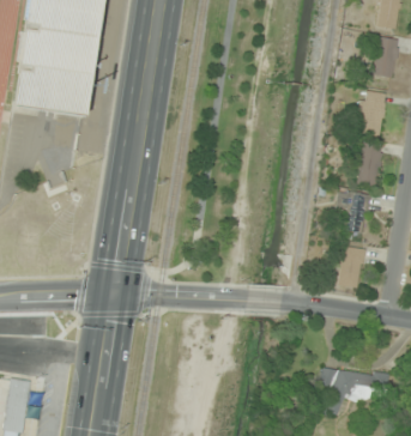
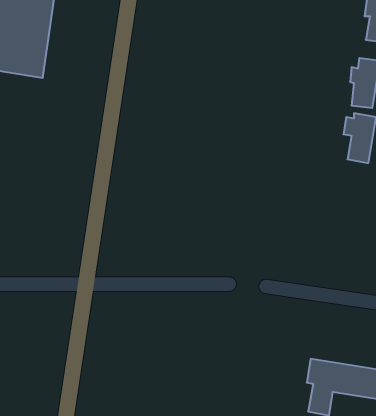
building: [338,189,370,234] -> none
building: [340,247,363,287] -> none

